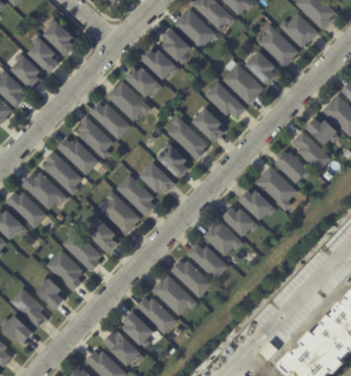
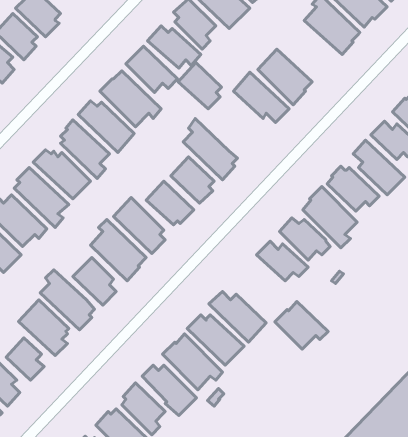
building: [245,49,278,85] -> none
building: [193,107,225,141] -> [178,63,222,109]
building: [204,221,243,256] -> [275,301,328,349]

